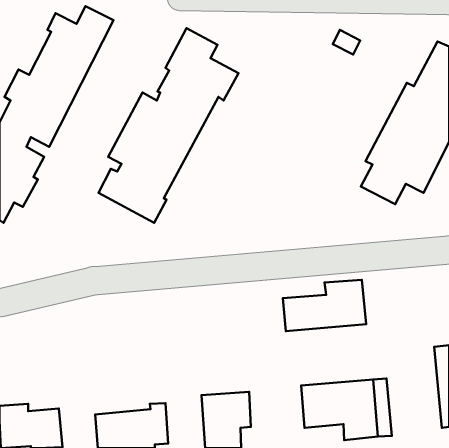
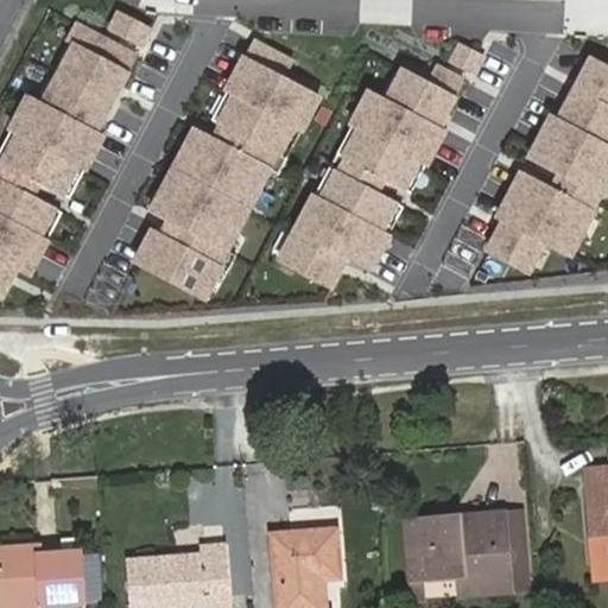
building: none -> [277,65,464,289]
building: [283,280,366,331] -> none

